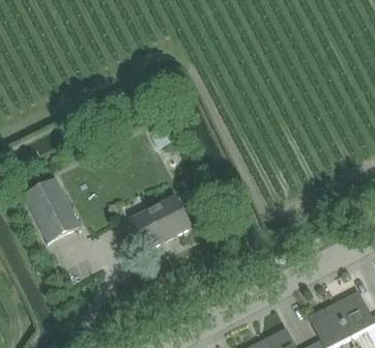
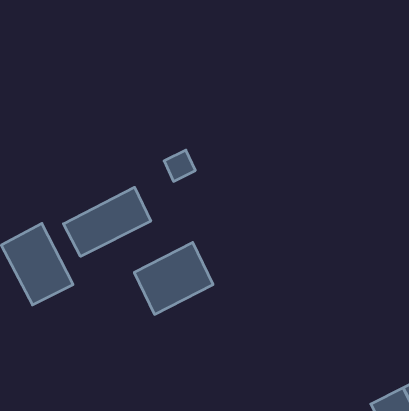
building: none -> [63,187,151,256]

